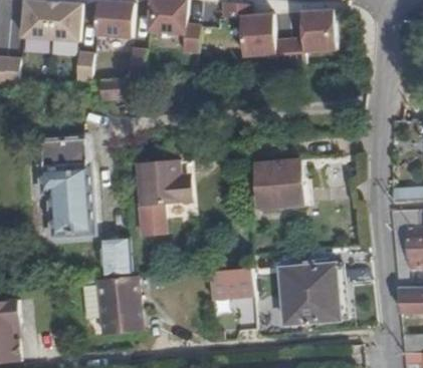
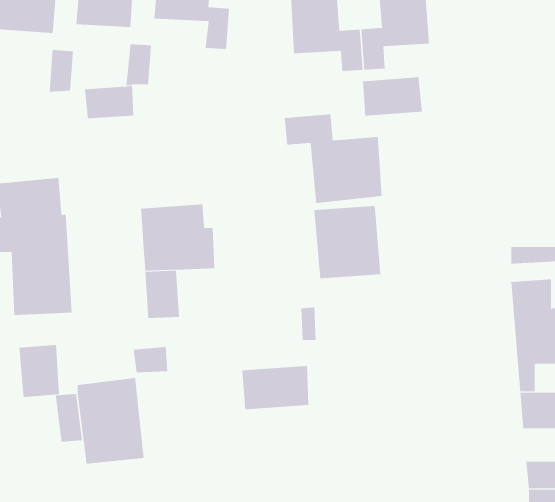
building: none -> [362,77,423,116]
building: none -> [284,113,382,204]
building: [100,238,129,274] -> [19,345,60,398]
building: [279,264,339,324] -> none

